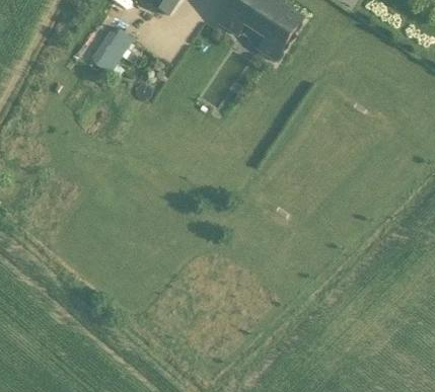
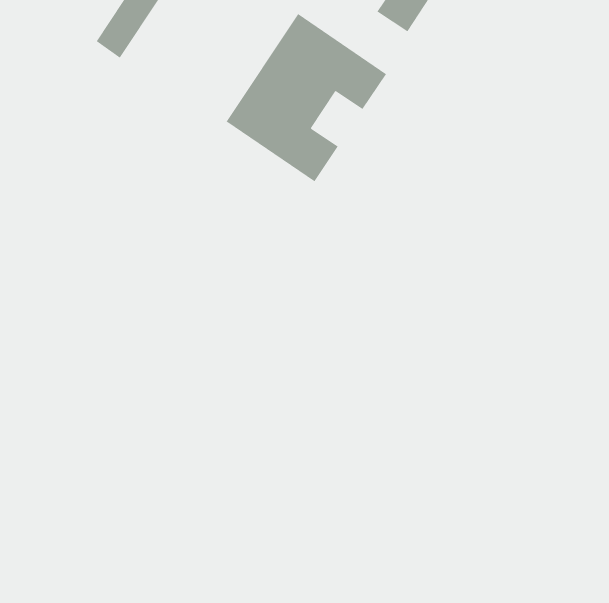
building: none -> [226,13,387,182]

